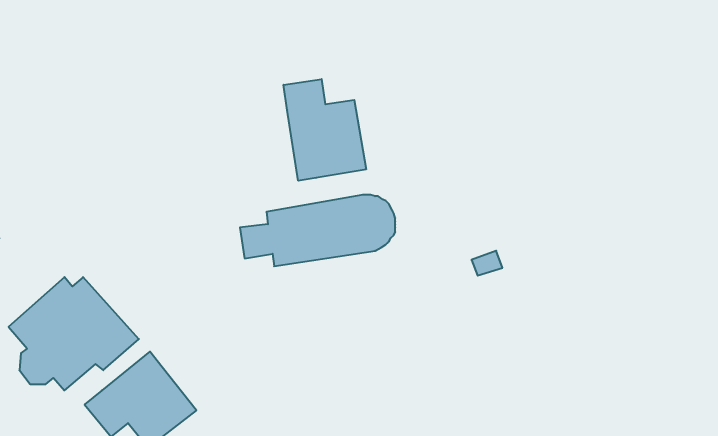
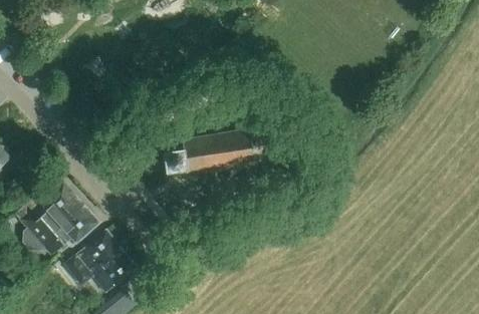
building: [284,79,366,181] -> none

